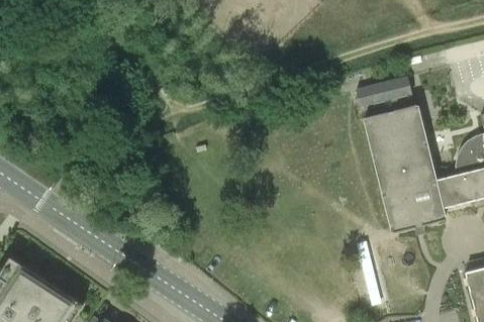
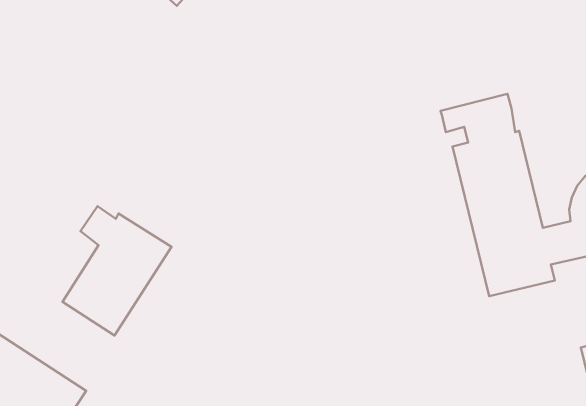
building: none -> [63,206,172,336]

